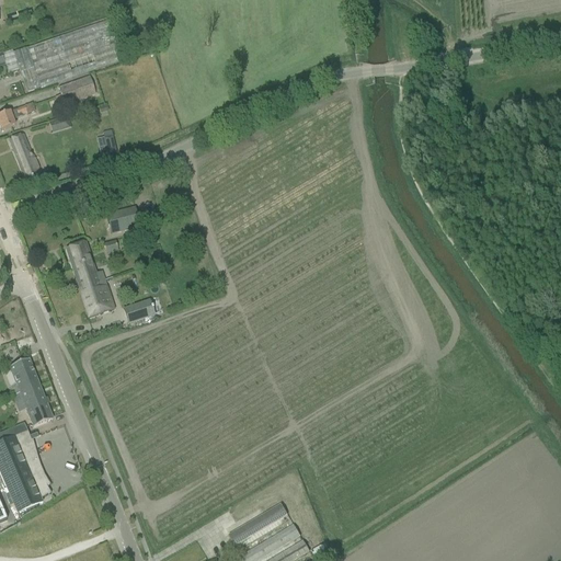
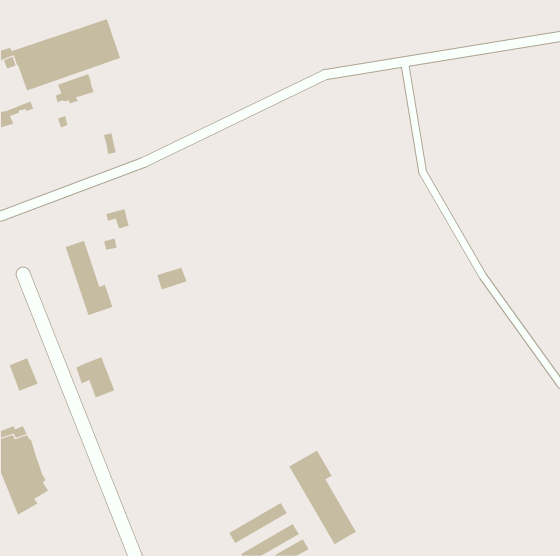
building: [9,131,43,182] -> none
building: [124,299,154,322] -> [157,267,187,290]
building: [13,383,53,425] -> [76,357,115,398]
building: none -> [288,450,357,545]

